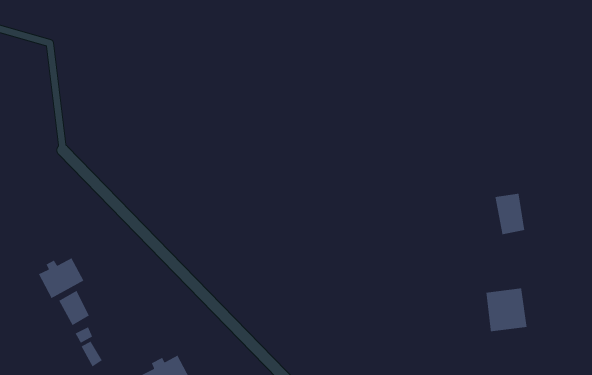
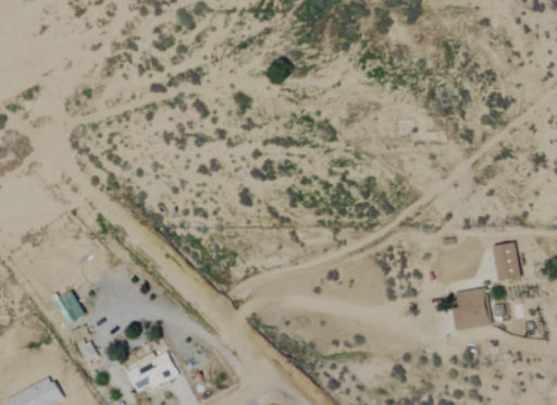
building: [495,193,525,235] -> [493,242,521,281]
building: [38,257,85,299] -> none

